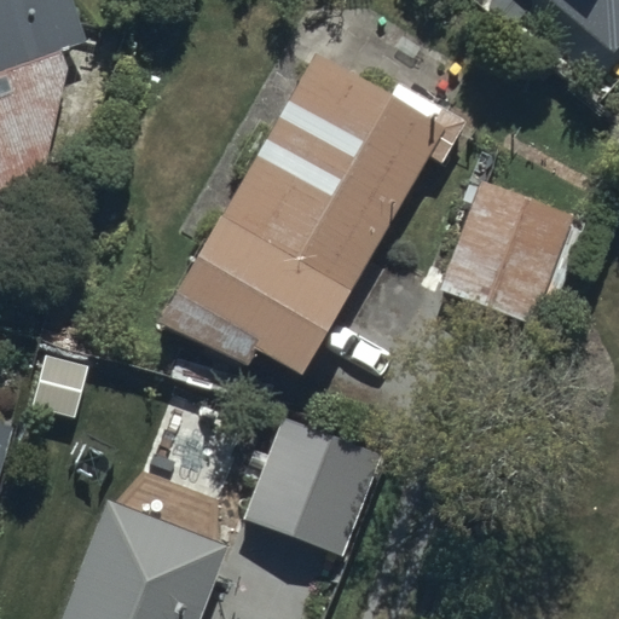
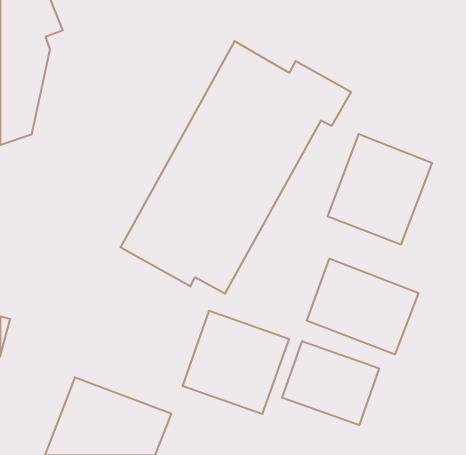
building: none -> [307,259,418,354]
building: none -> [282,341,379,425]

